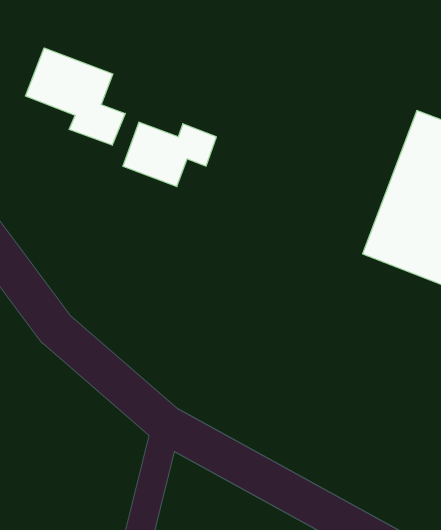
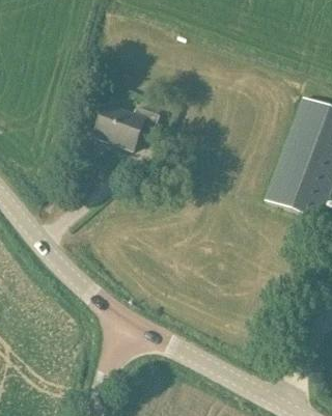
building: [25,48,125,145] -> none

